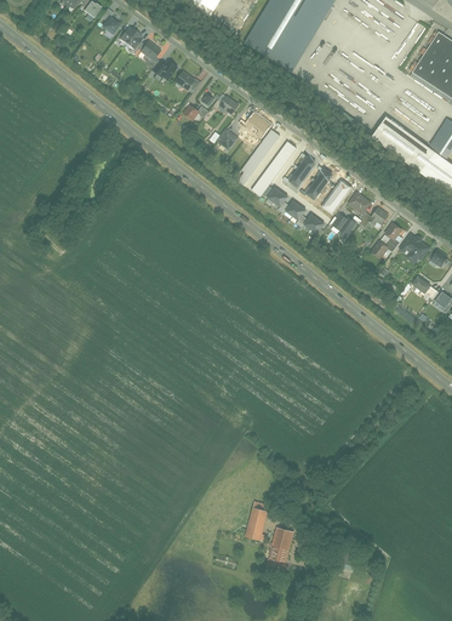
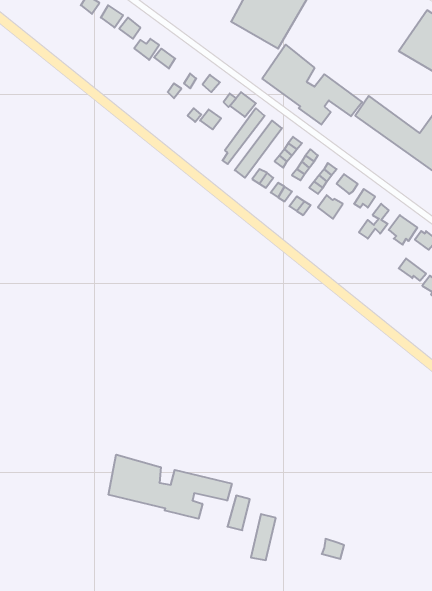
building: none -> [262,45,362,125]
building: none -> [109,455,232,519]

